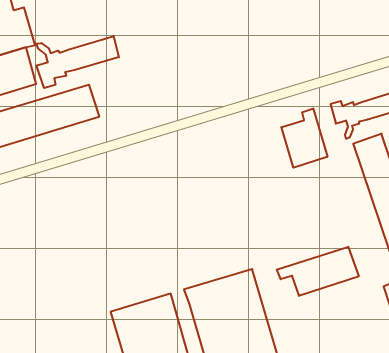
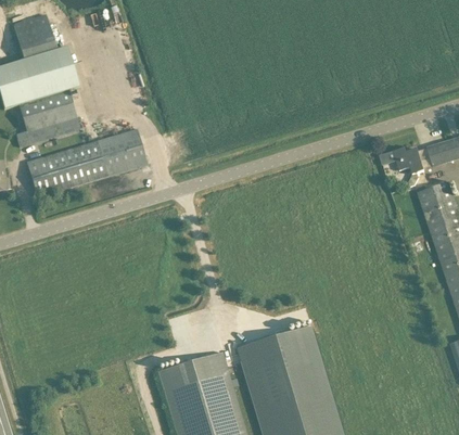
building: [36,36,119,88] -> none
building: [281,108,327,168] -> none
building: [277,247,359,296] -> none

